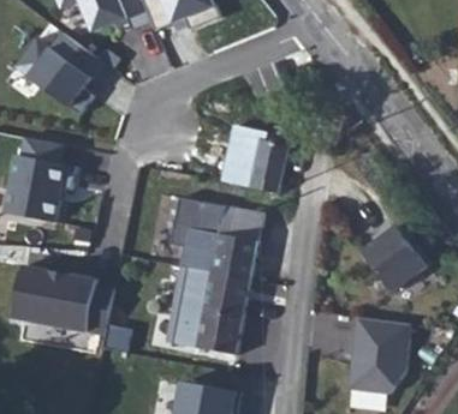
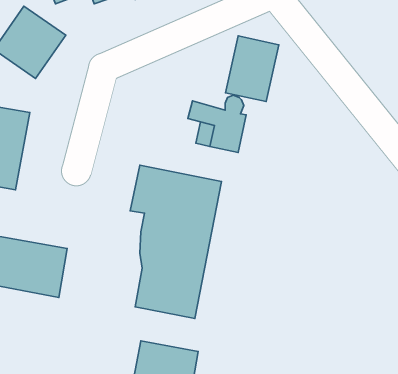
building: none -> [226,36,279,102]
building: [359,226,424,292] -> none
building: [346,317,409,394] -> none

